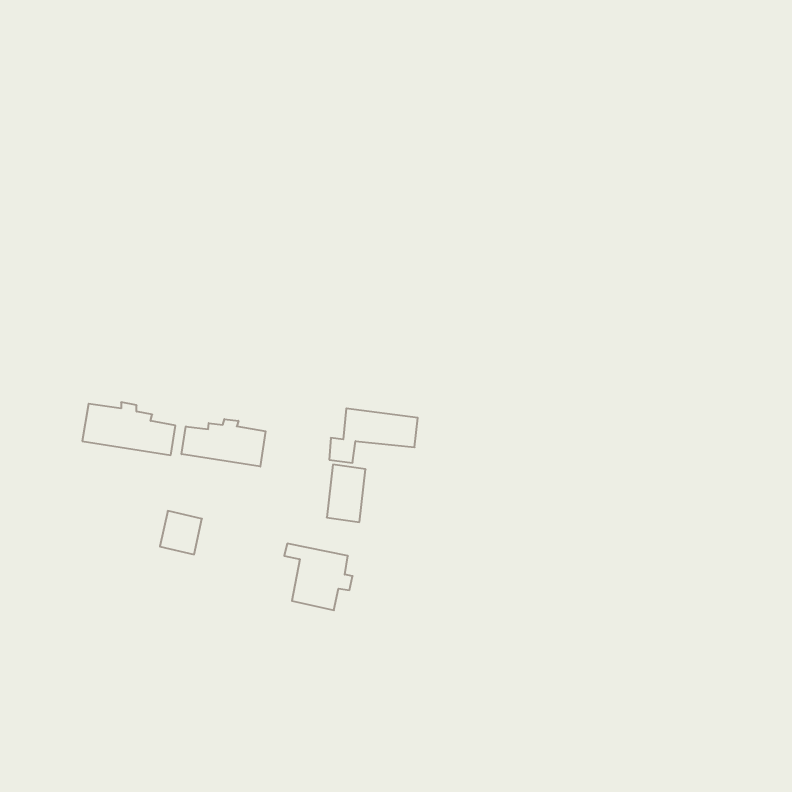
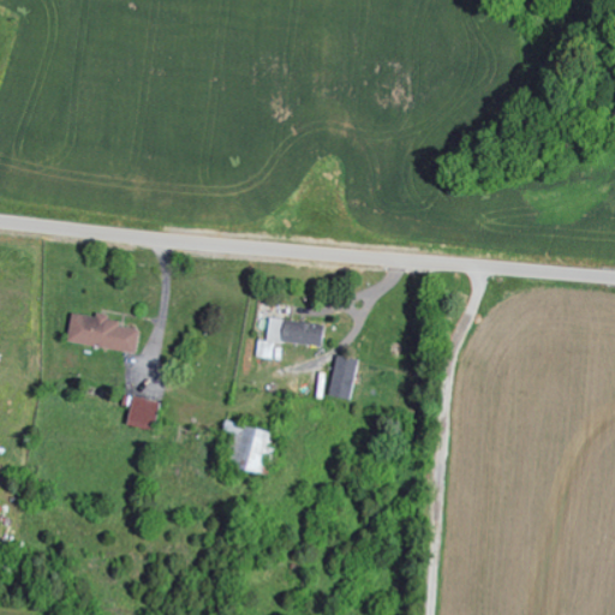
building: [182,419,266,467] -> none
building: [327,465,366,522] -> [329,356,359,400]

